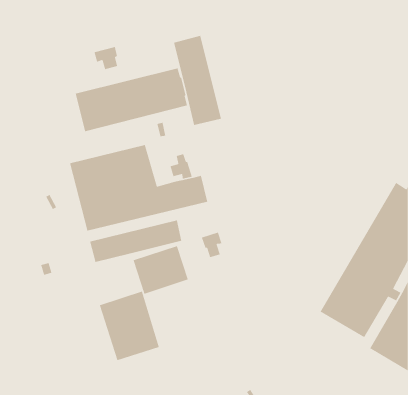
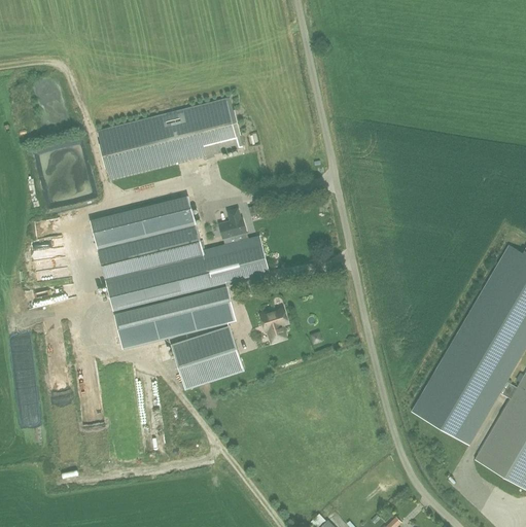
building: [173,35,222,126] -> none
building: [94,46,118,70] -> none
building: [99,291,160,361] -> none

